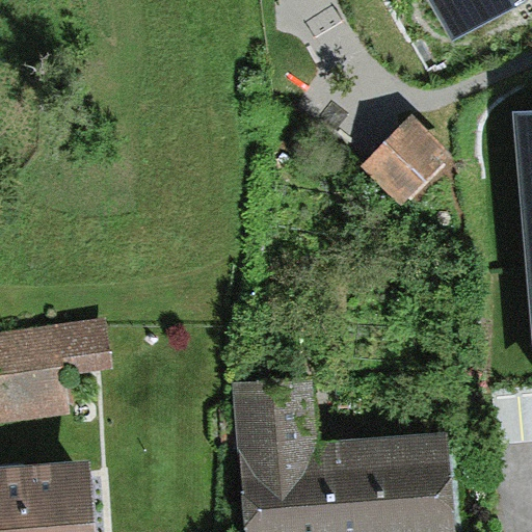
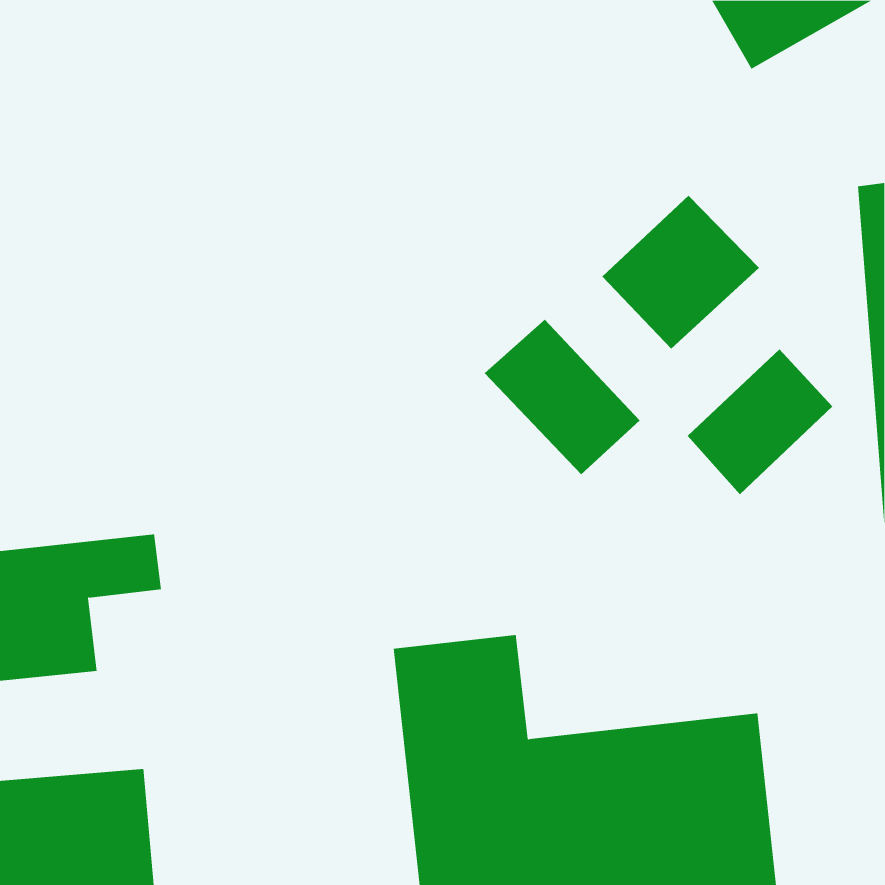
building: none -> [484,319,641,475]
building: none -> [687,349,833,495]

